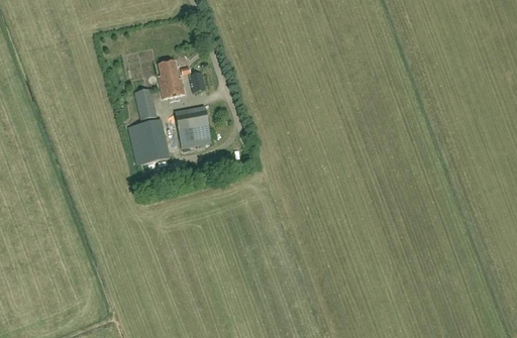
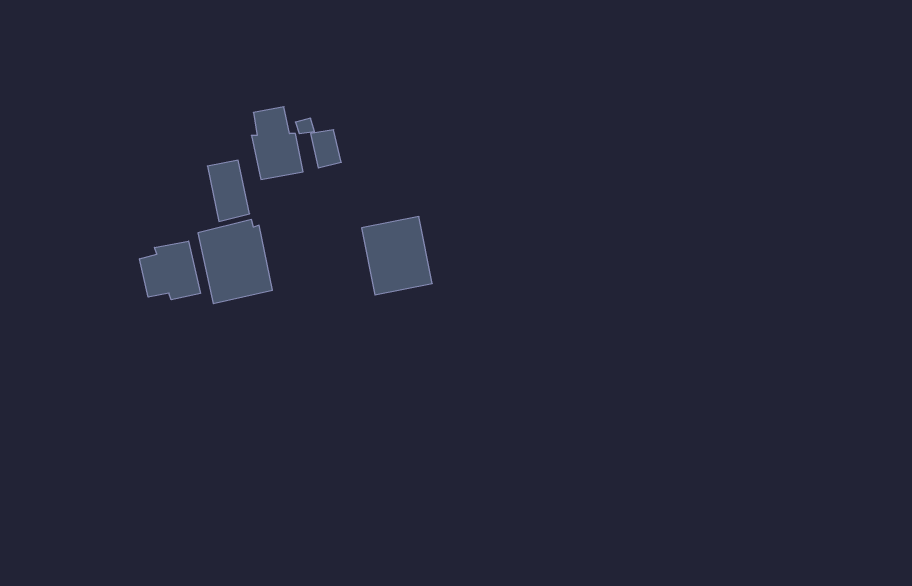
building: [175,106,212,147] -> [362,217,432,295]
building: none -> [140,241,200,300]

